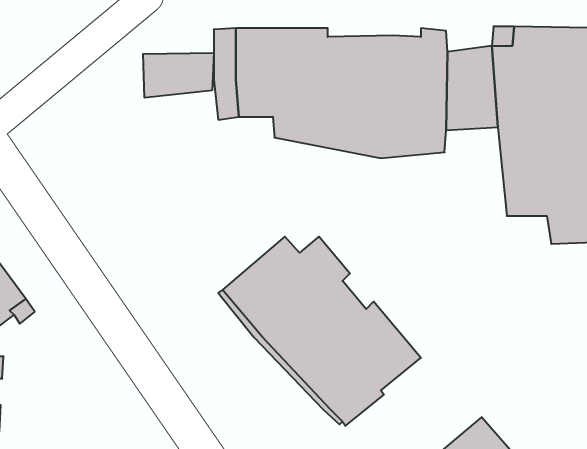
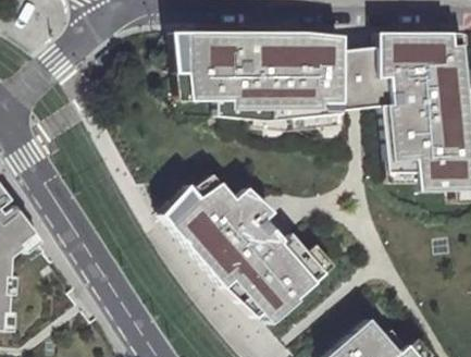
building: [143,53,214,98] -> none
building: none -> [162,178,225,227]

